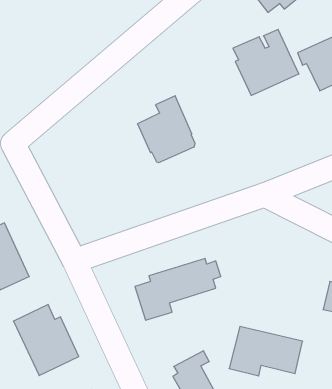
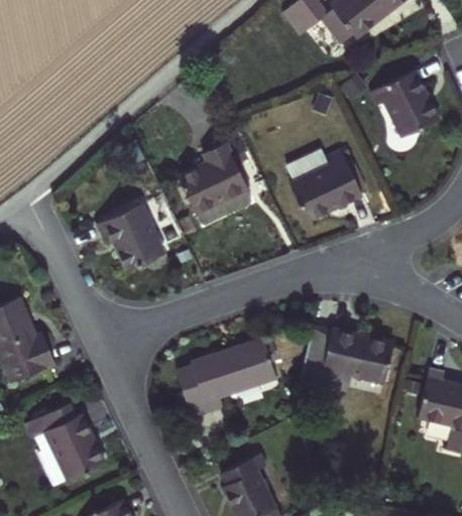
building: [233,29,299,95] -> [287,143,368,224]
building: none -> [101,202,164,267]
building: [229,326,303,376] -> [306,324,395,384]

